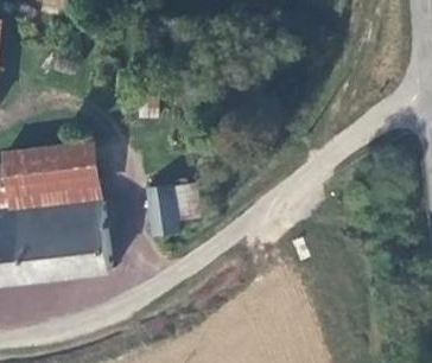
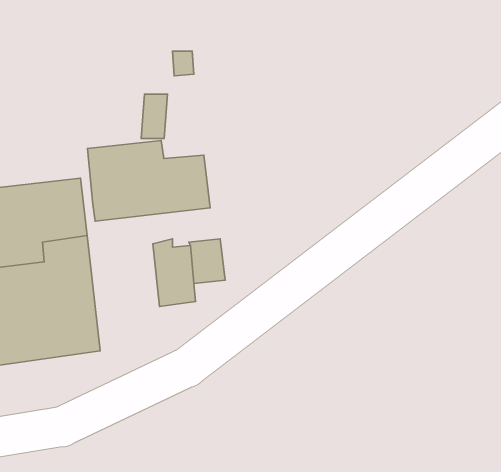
building: none -> [87,140,210,221]

